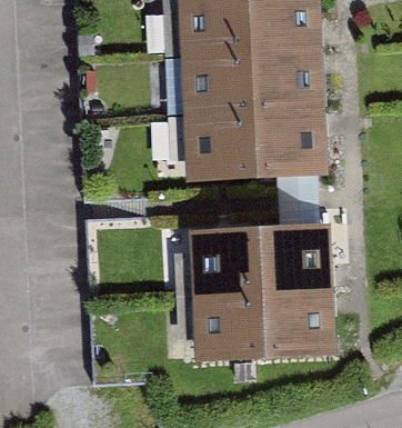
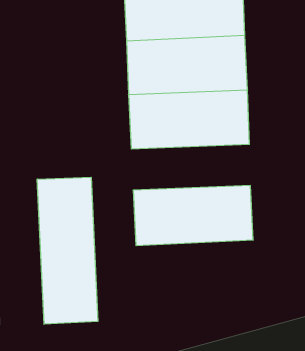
building: none -> [37,177,98,324]
building: [191,289,333,361] -> none

